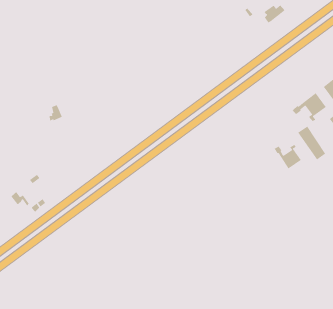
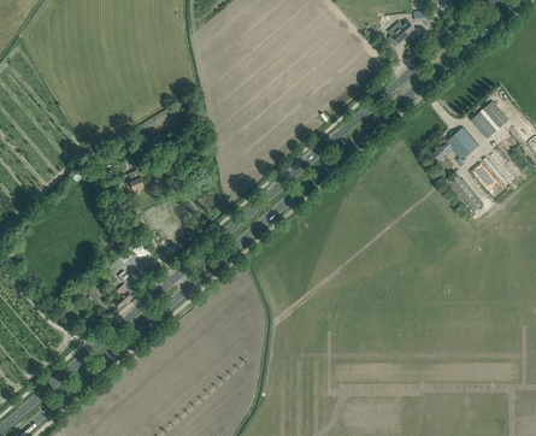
building: [274,144,302,169] -> none

